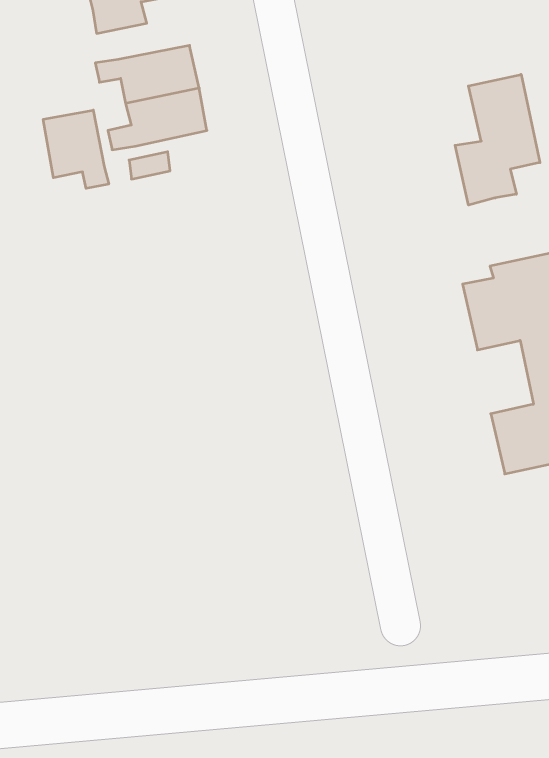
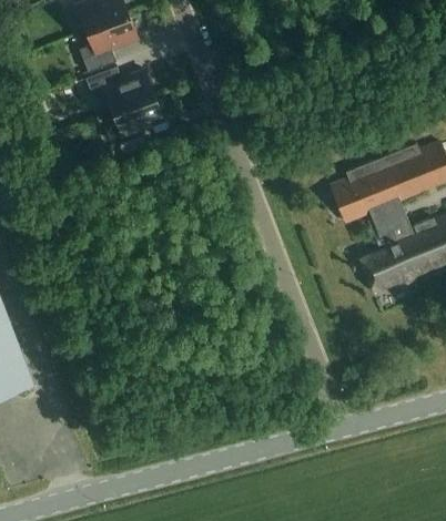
building: [455,74,540,205] -> none
building: [43,110,109,188] -> none

